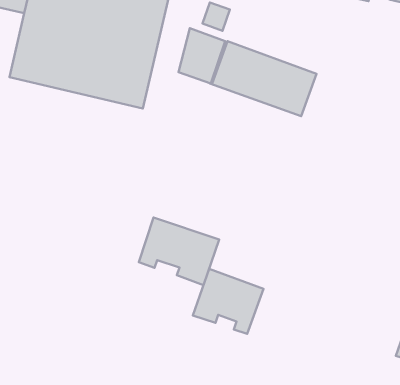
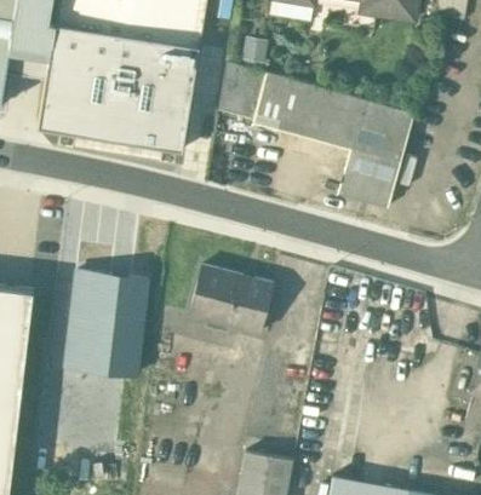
building: none -> [338,100,413,207]
building: none -> [71,270,154,379]
building: [193,269,263,334] -> none

